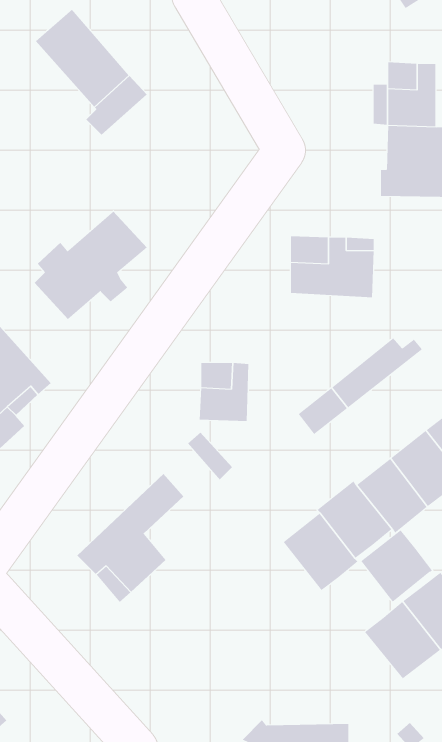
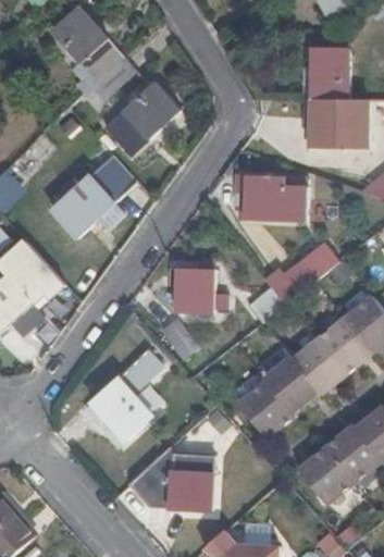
building: none -> [108,83,179,154]
building: [360,529,433,602] -> none
building: none -> [129,448,211,509]

